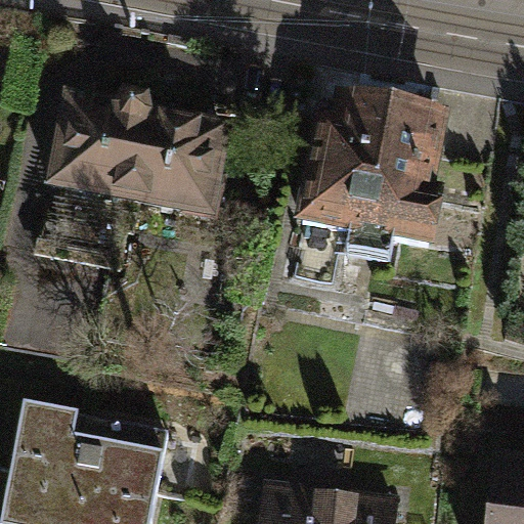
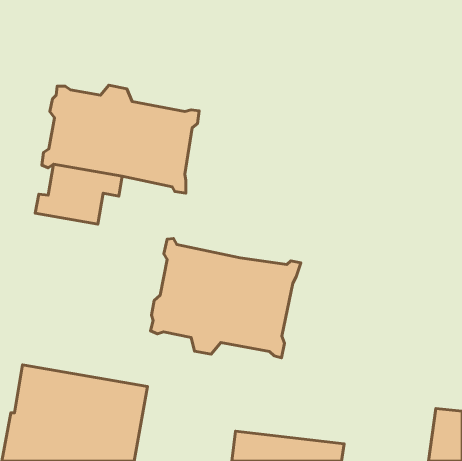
building: [300,101,439,246] -> none
building: none -> [151,239,301,358]

